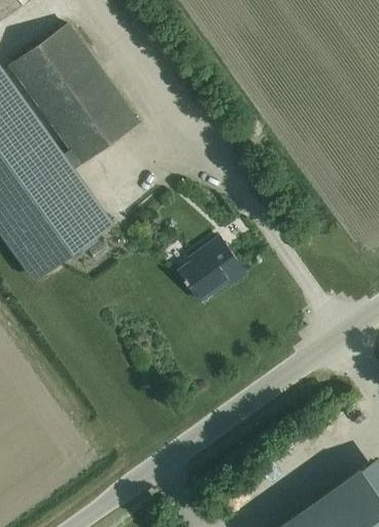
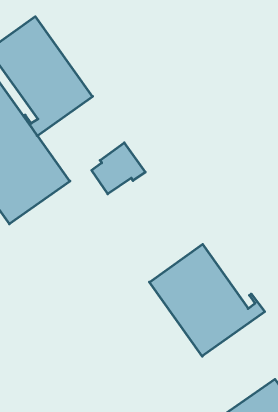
building: [180,237,246,300] -> [92,143,145,194]
building: none -> [149,244,265,356]

